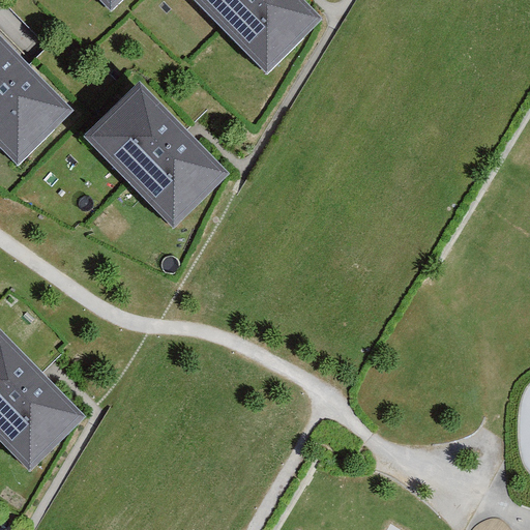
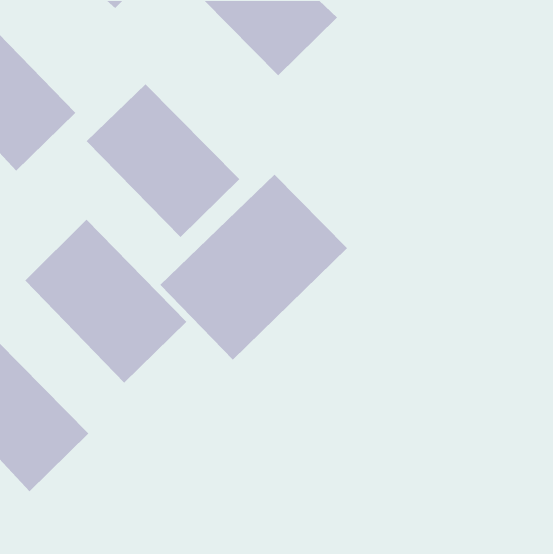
building: none -> [159,174,348,360]
building: none -> [25,219,187,383]

